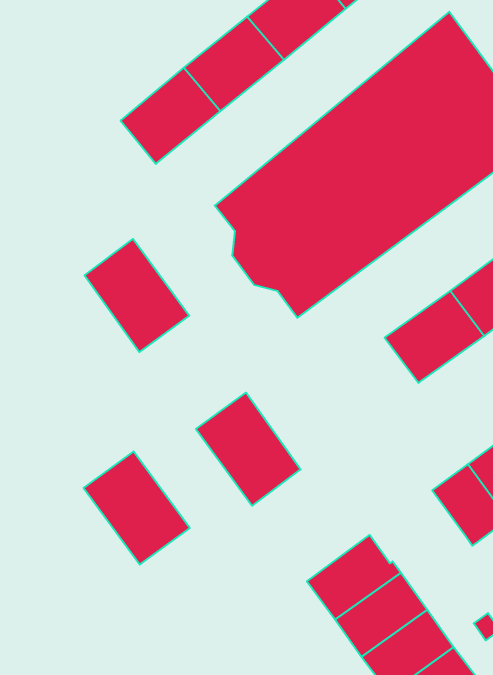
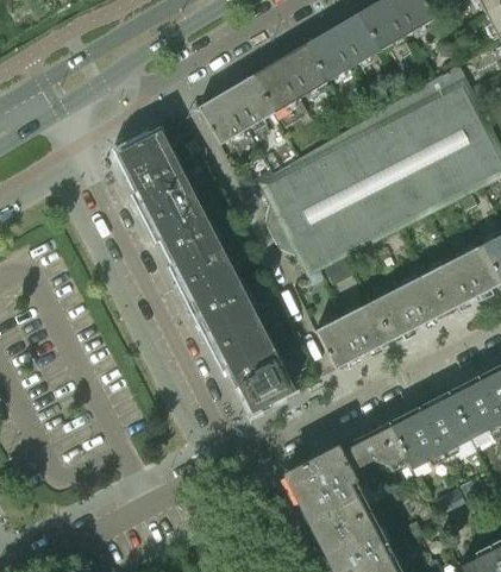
building: none -> [119,132,194,219]
building: none -> [317,301,392,369]
building: [84,451,190,565] -> [186,262,261,347]
building: none -> [337,421,409,471]

